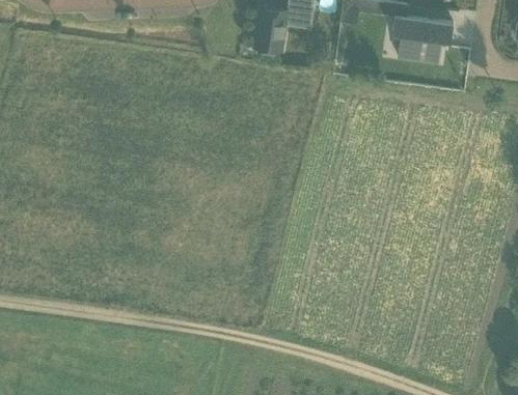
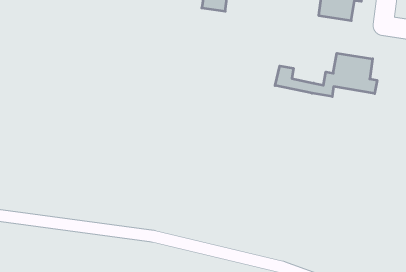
building: none -> [275,53,377,97]

